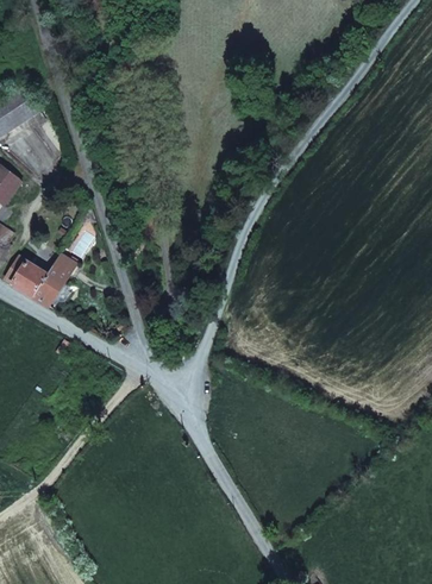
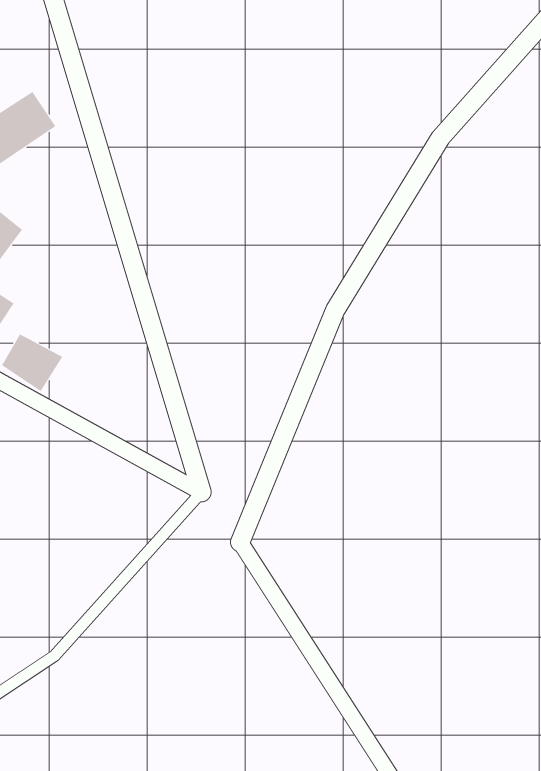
building: [32,253,76,307] -> none

